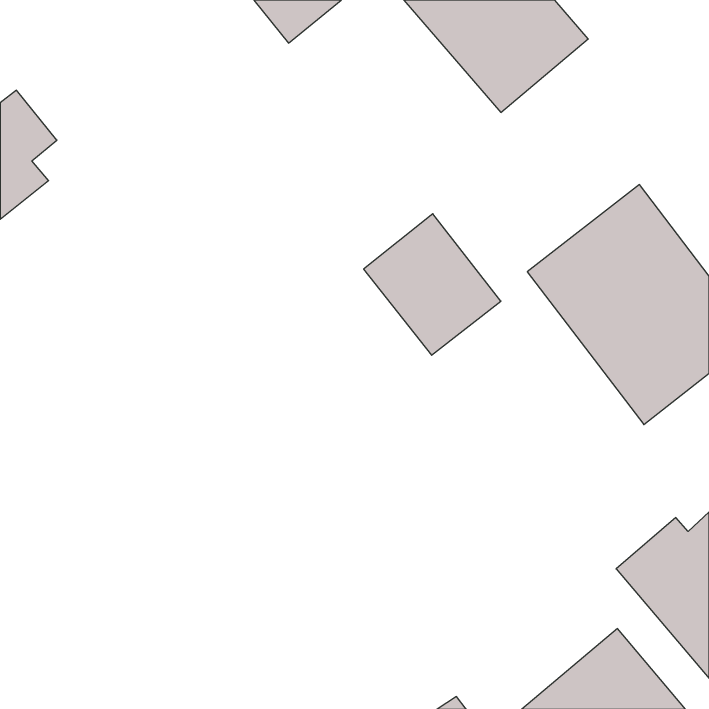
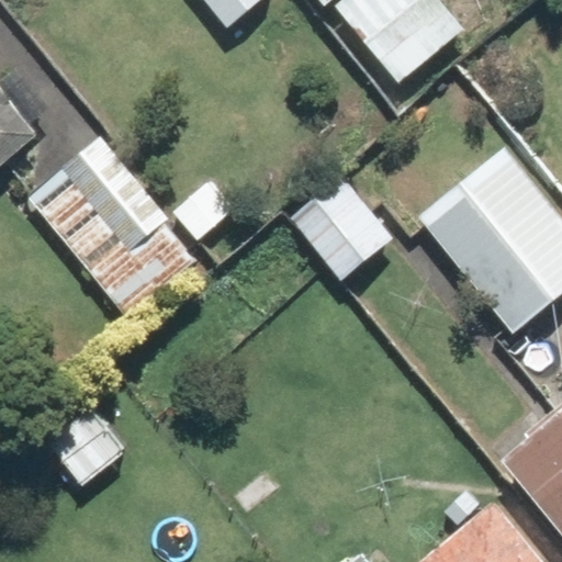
building: none -> [24,134,202,319]

